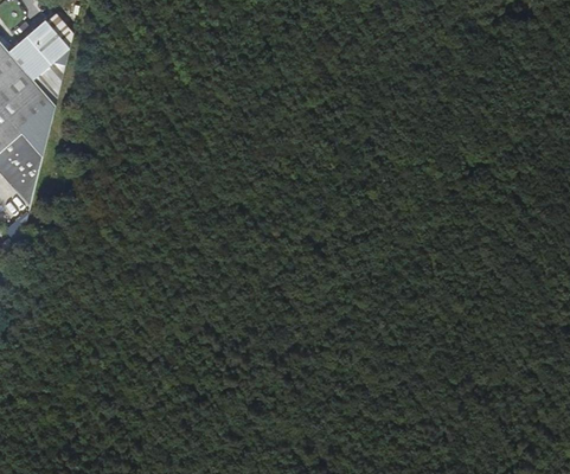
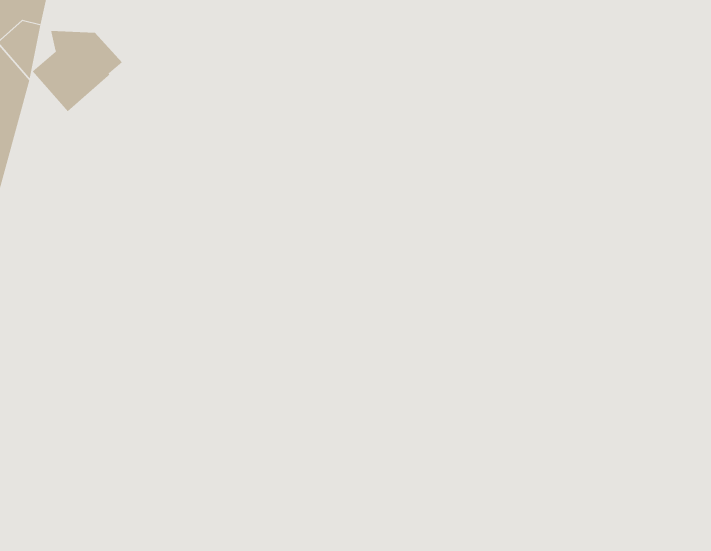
building: none -> [32,30,123,112]

